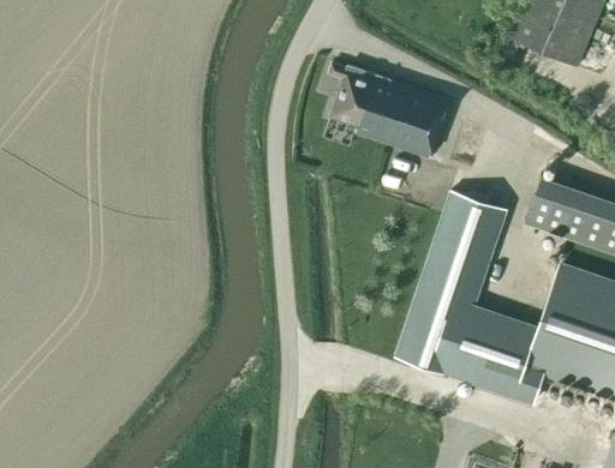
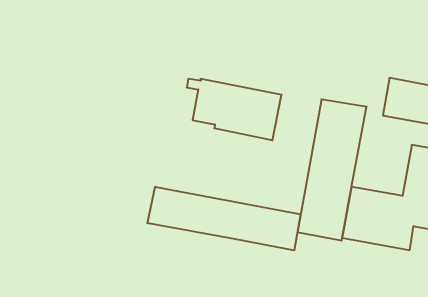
building: [329,64,449,158] -> [187,79,282,140]
building: none -> [147,187,301,250]

